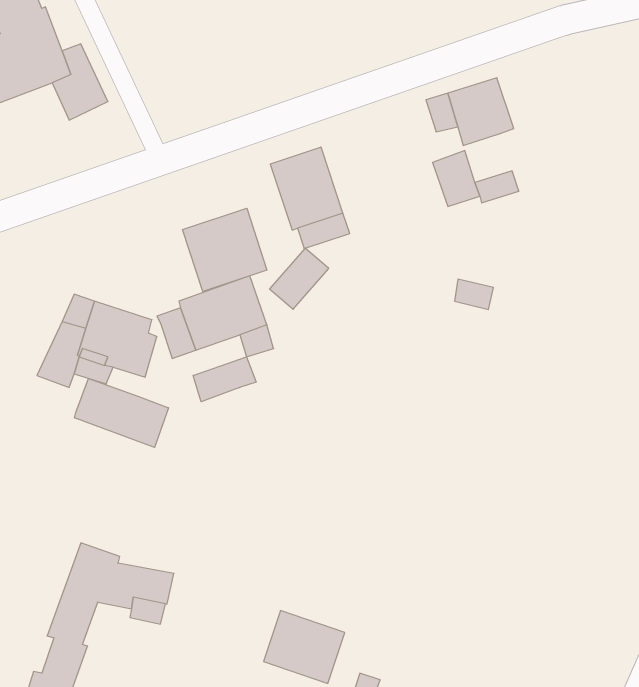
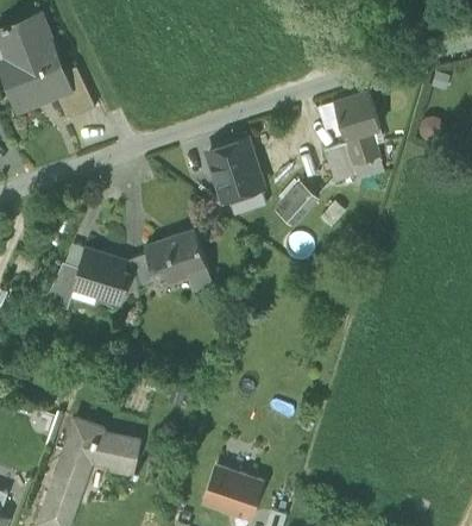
building: none -> [344,130,378,164]
building: [183,208,267,291] -> none
building: [270,248,329,309] -> [275,182,316,225]
building: [193,357,256,402] -> none
building: [75,378,168,447] -> none

